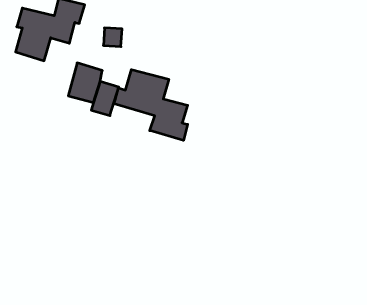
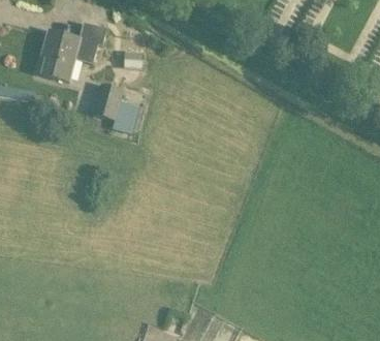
building: [114,70,188,140] -> none

